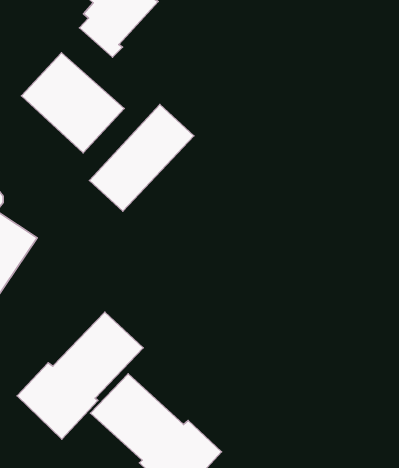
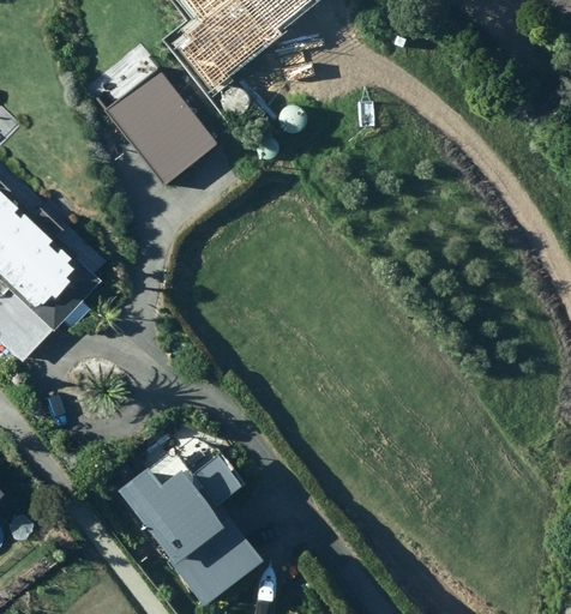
building: [90,104,194,211] -> none
building: [17,312,143,439] -> none

